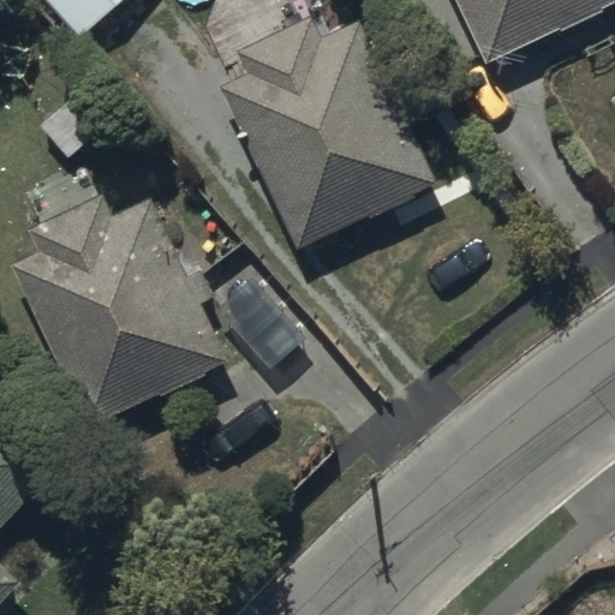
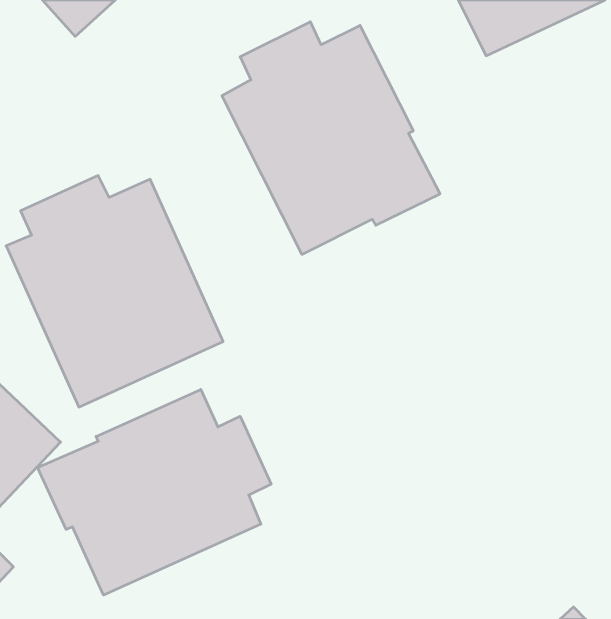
building: none -> [37,389,271,595]

